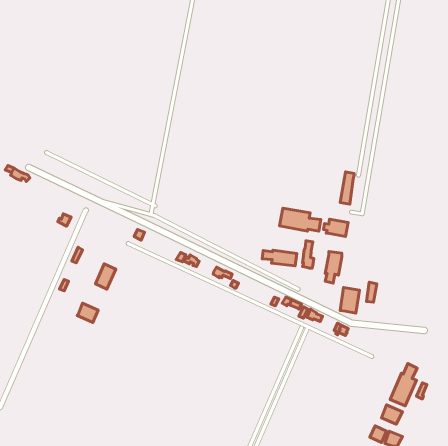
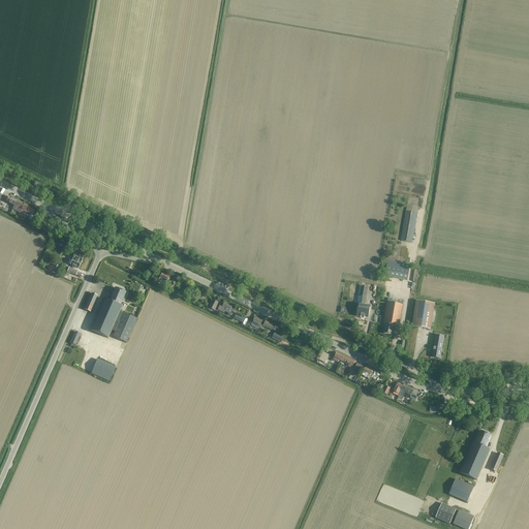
building: [279,208,321,231] -> none
building: none -> [91,286,126,336]
building: [262,250,297,266] -> none
building: [340,288,359,313] -> [412,299,435,329]

